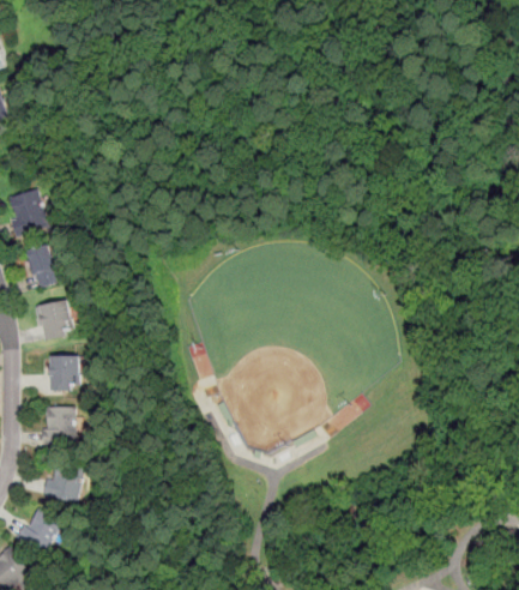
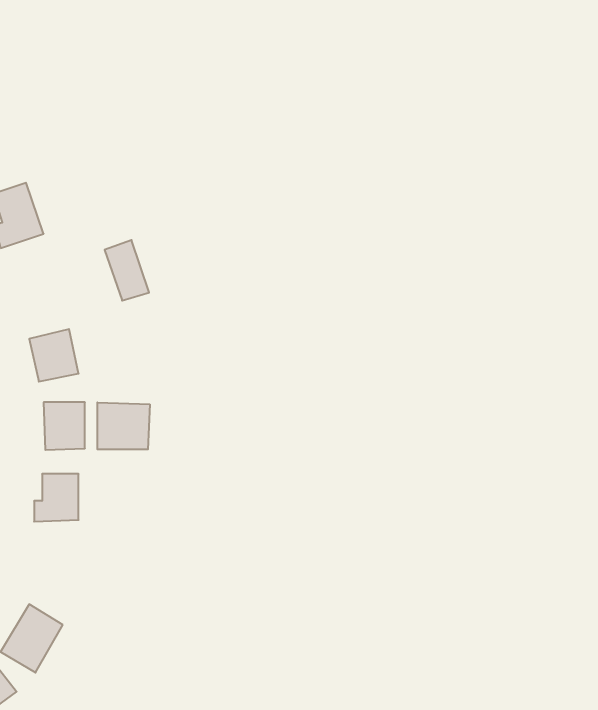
building: [26,243,60,289] -> [105,240,149,301]
building: none -> [97,402,150,449]
building: [42,460,83,507] -> none

